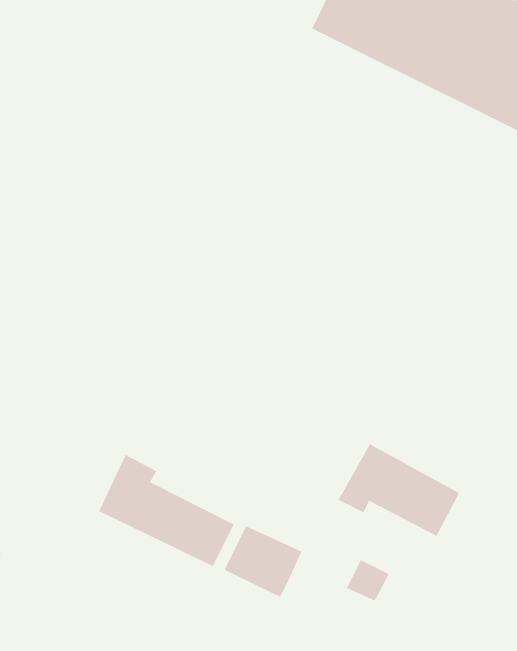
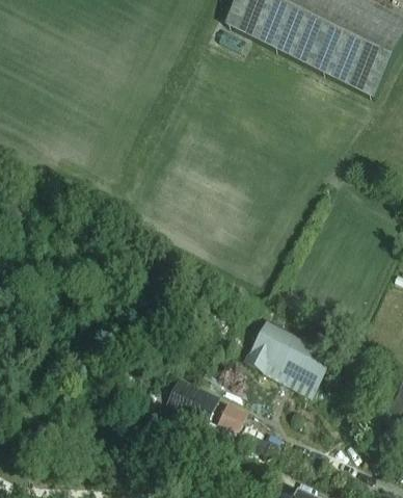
building: [98,454,235,567] -> none
building: [346,559,390,602] -> [217,401,248,431]

